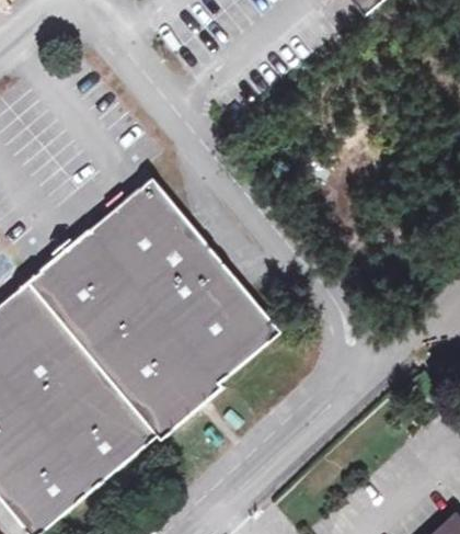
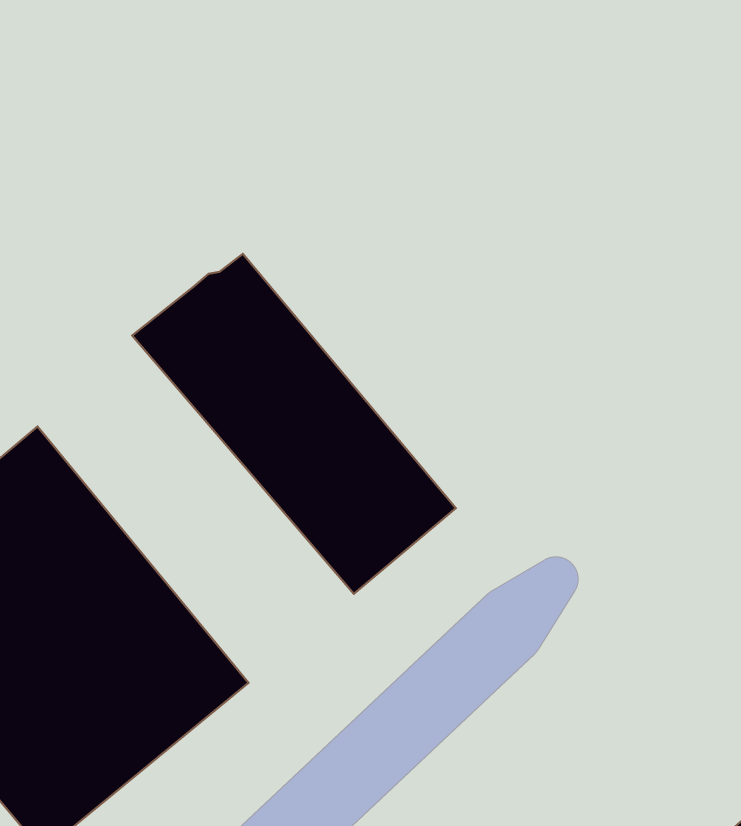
building: [28,228,222,442] -> none

